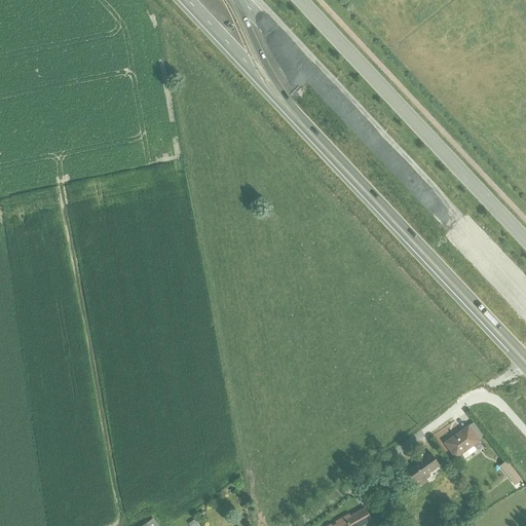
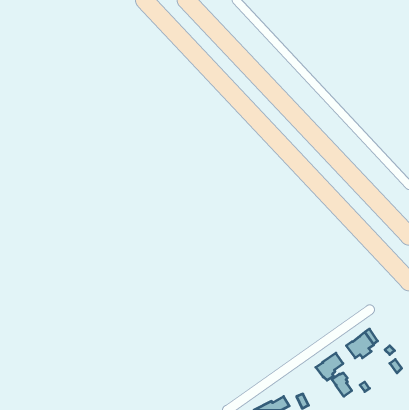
building: none -> [332,373,352,396]

